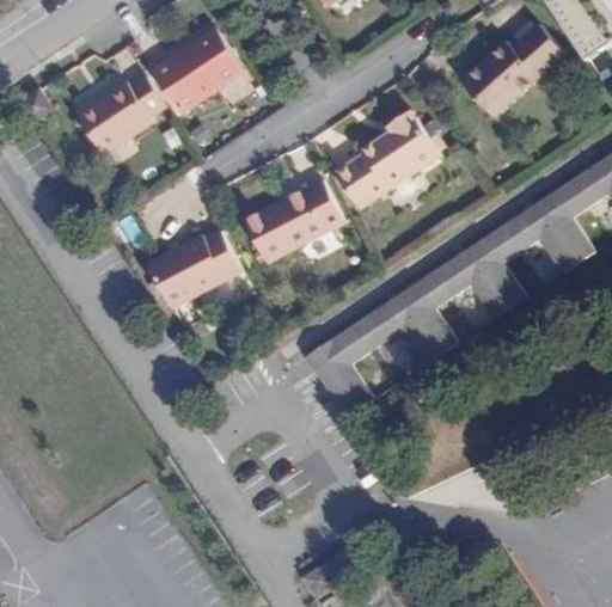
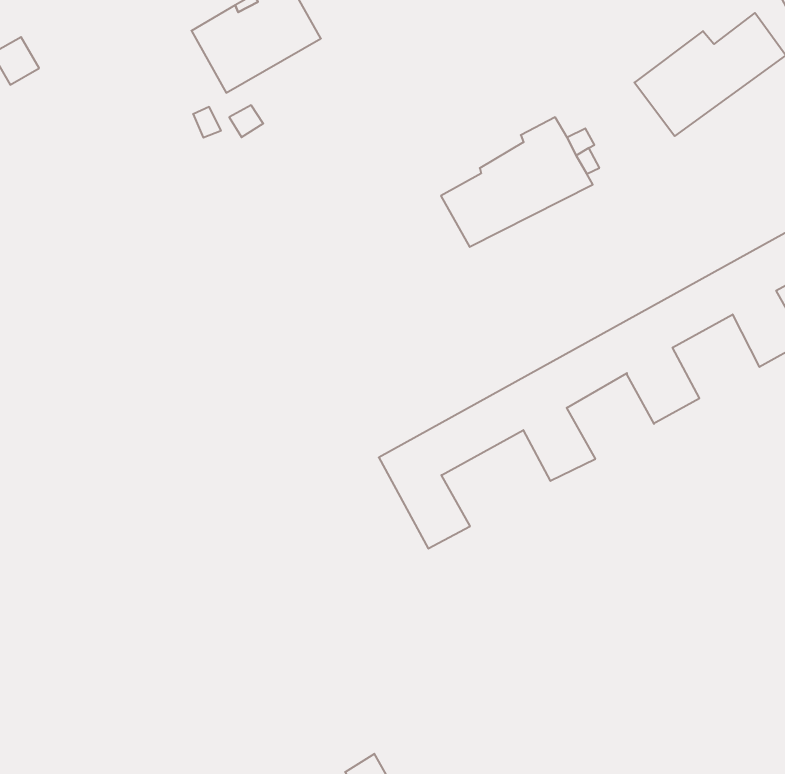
building: [76,79,164,154] -> none
building: [243,179,343,262] -> none
building: [146,232,237,302] -> none

